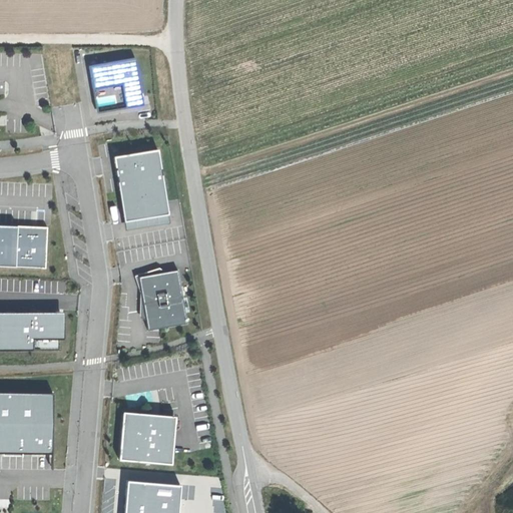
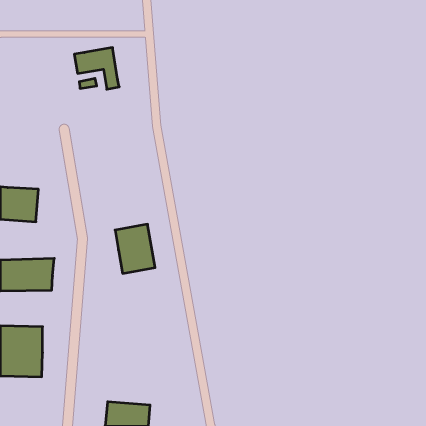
building: [113,148,168,220] -> none
building: [118,415,174,463] -> none

